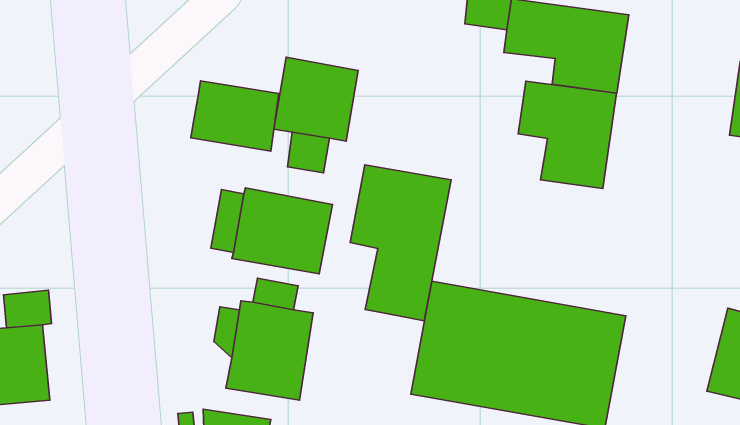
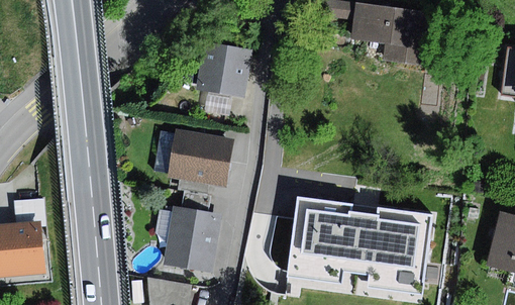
building: [191,81,279,151] -> none
building: [518,81,616,189] -> none
building: [350,165,451,321] -> none

